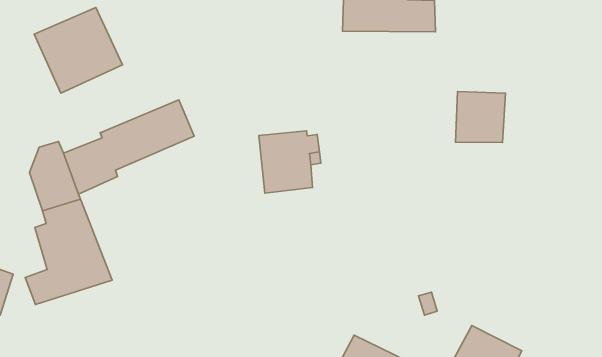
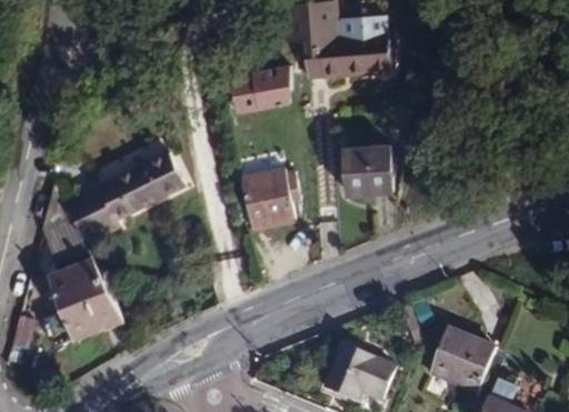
building: [34,8,122,93] -> none
building: none -> [227,63,293,112]
building: [455,91,506,143] -> [346,147,390,194]

